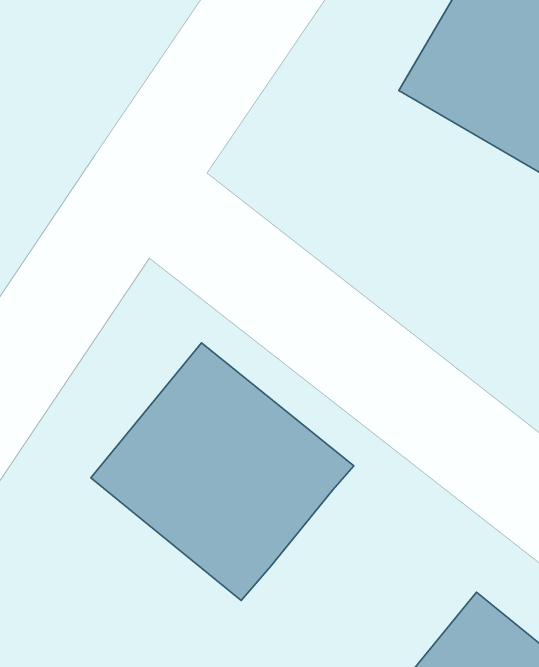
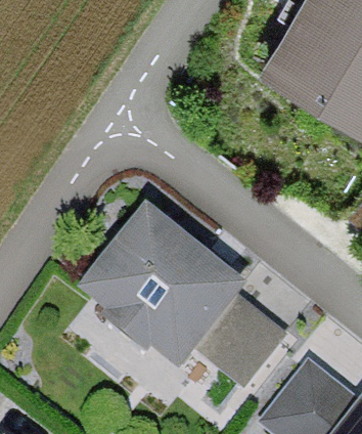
building: none -> [191,301,278,387]

